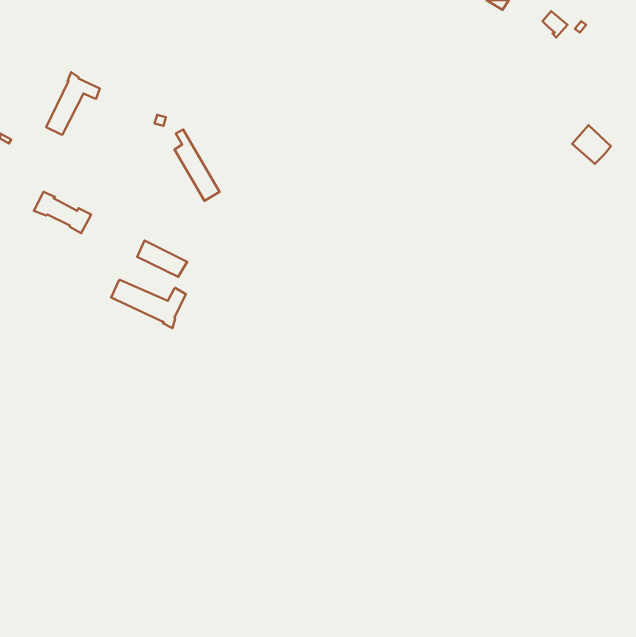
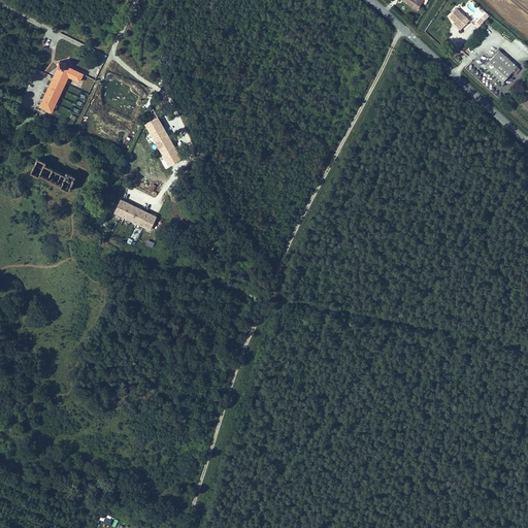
building: [572,125,611,164] -> [485,51,517,82]
building: [111,280,186,328] -> none

